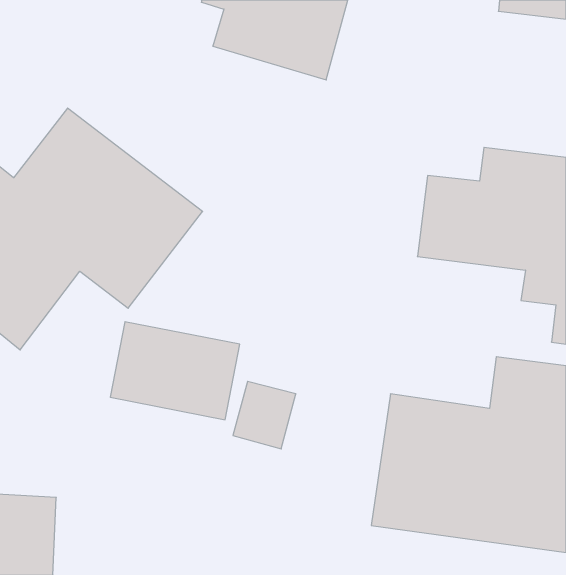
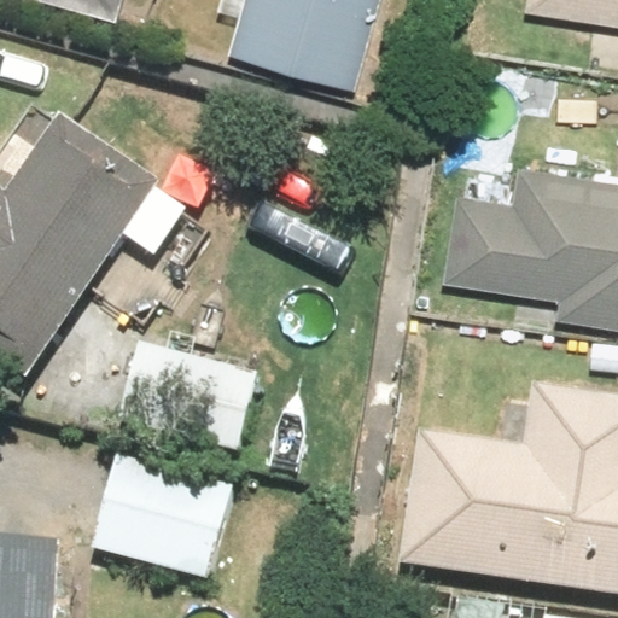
building: none -> [88,451,240,585]

